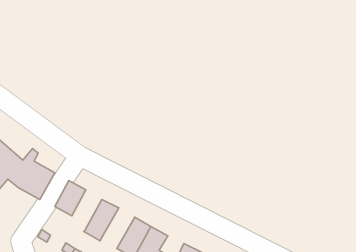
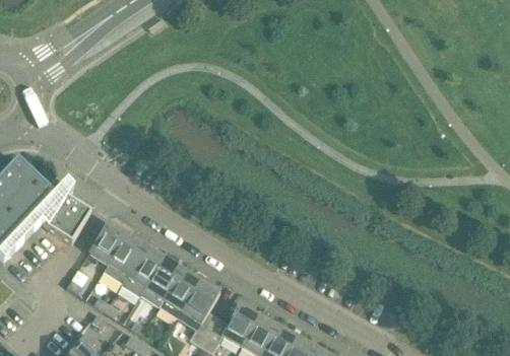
building: none -> [103,235,143,283]
building: none -> [139,259,181,306]

